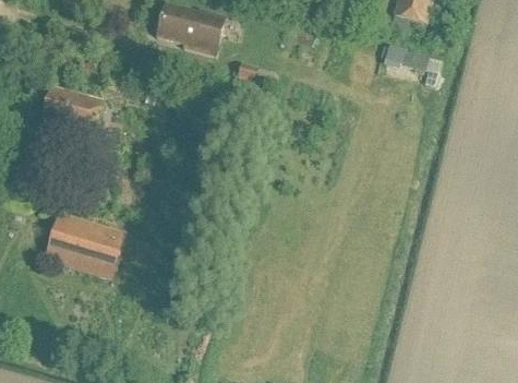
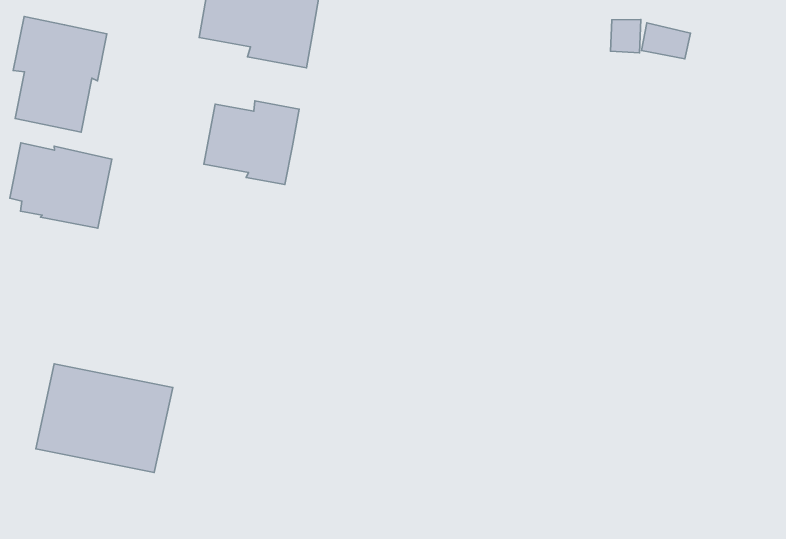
building: none -> [13,17,107,132]
building: none -> [204,101,299,185]

